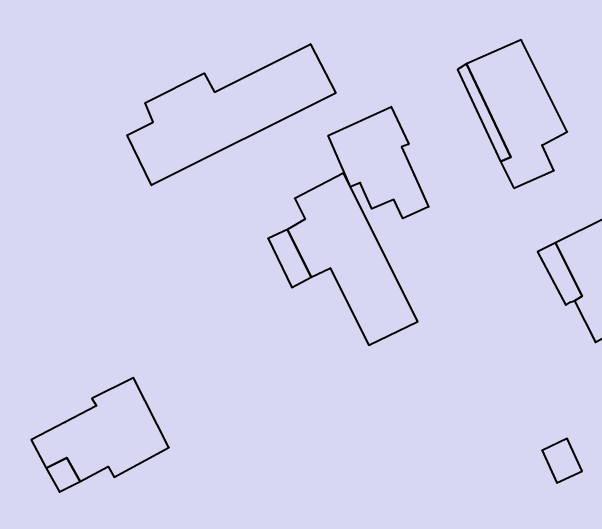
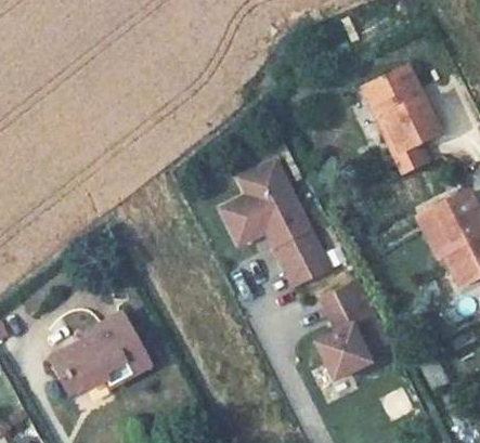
building: [127,44,336,185] -> none
building: [328,107,429,218] -> none
building: none -> [315,279,390,380]

